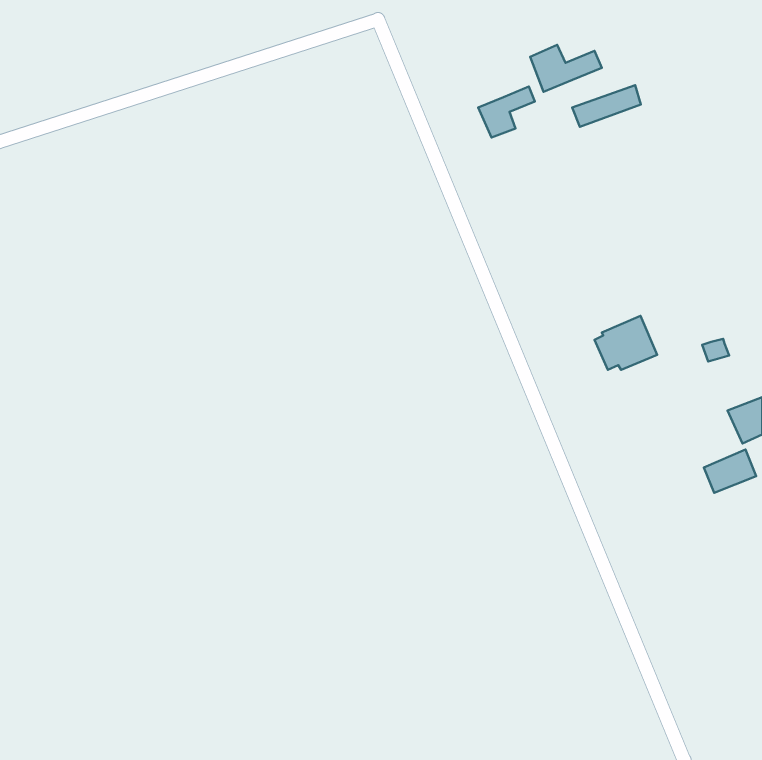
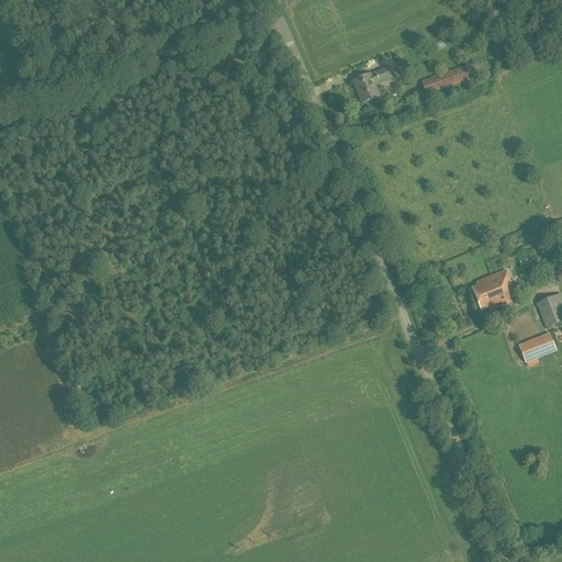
building: [530,45,602,92] -> none
building: [594,316,657,370] -> [471,269,517,308]

